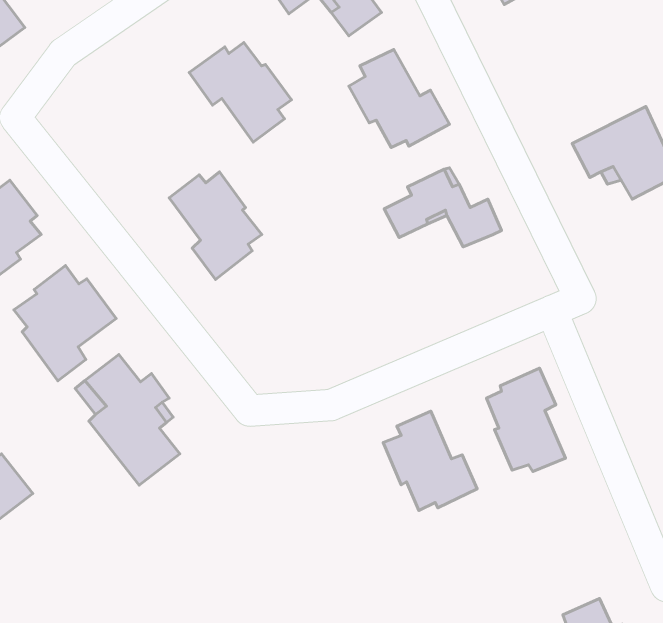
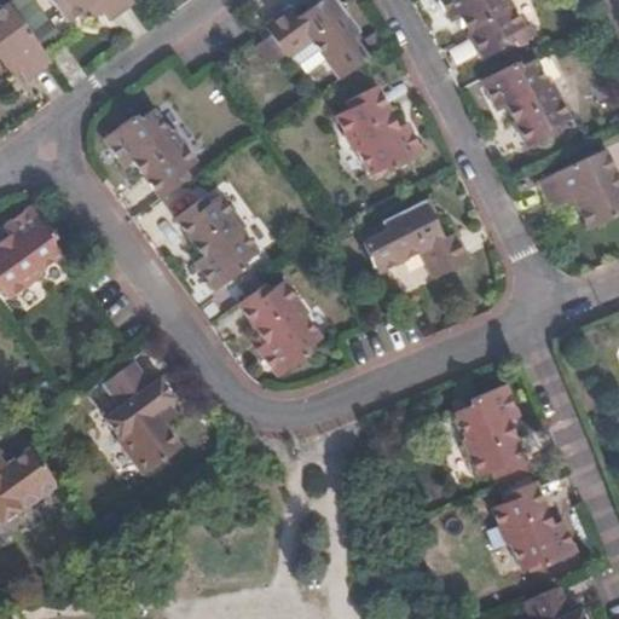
building: none -> [476,57,562,144]
building: [189,43,291,142] -> [105,112,196,201]
building: none -> [239,279,320,375]
building: [14,266,116,381] -> none
building: [383,411,477,511] -> [496,473,579,561]

